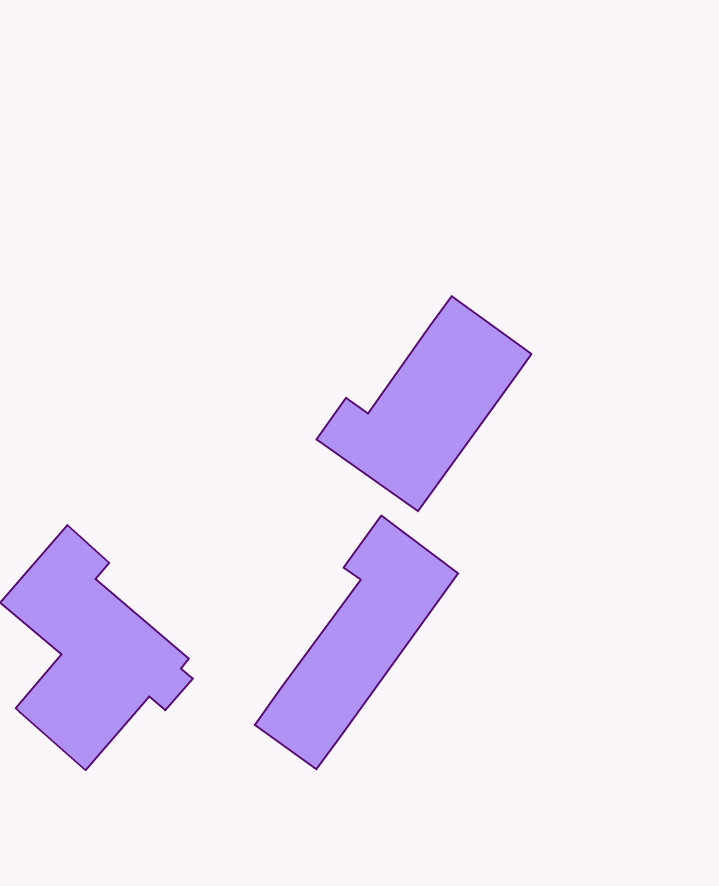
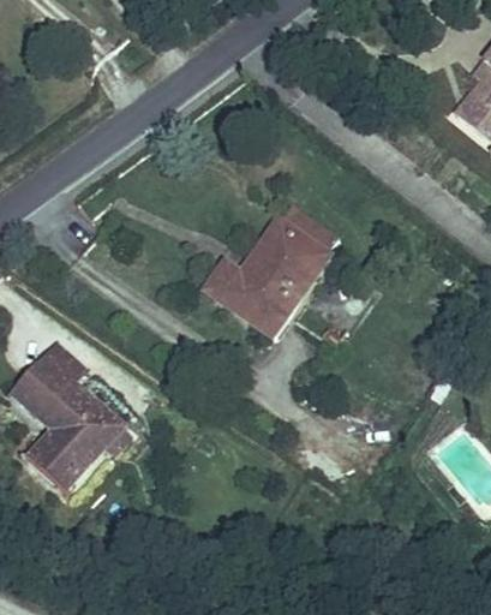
building: [255,516,458,769] -> none

